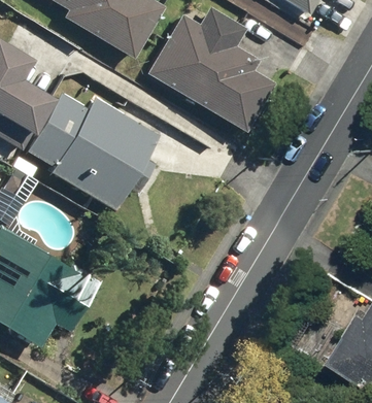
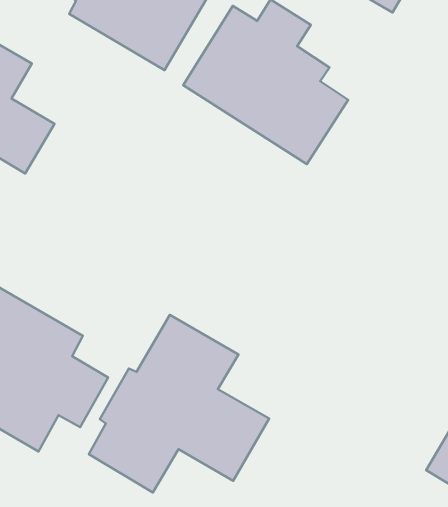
building: [25,92,159,210] -> none
building: none -> [89,315,269,492]

